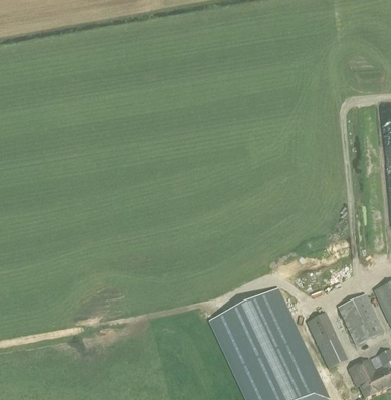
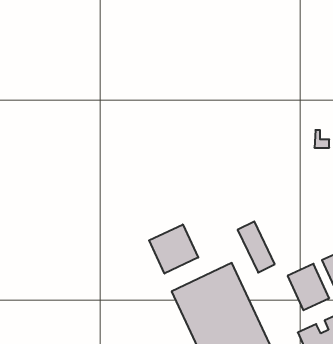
building: none -> [149,224,198,274]
building: [306,311,346,366] -> [238,221,275,273]

